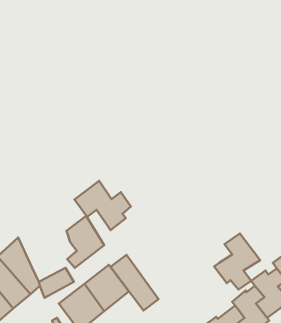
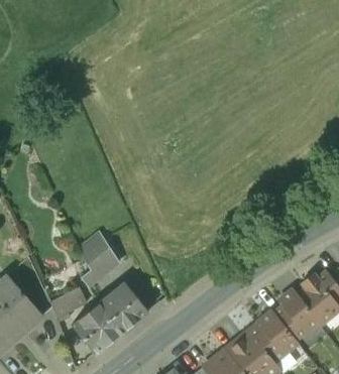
building: [75,181,131,230] -> none
building: [214,233,260,289] -> none
building: [111,255,158,310] -> none

